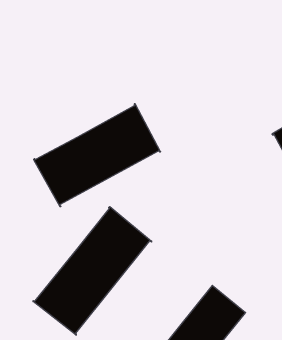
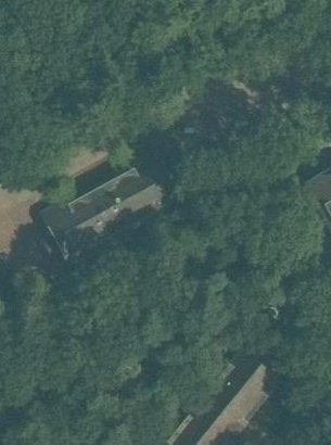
building: [33,207,152,335] -> none

